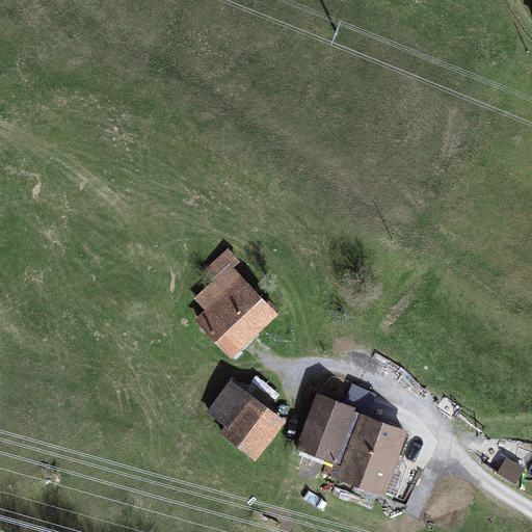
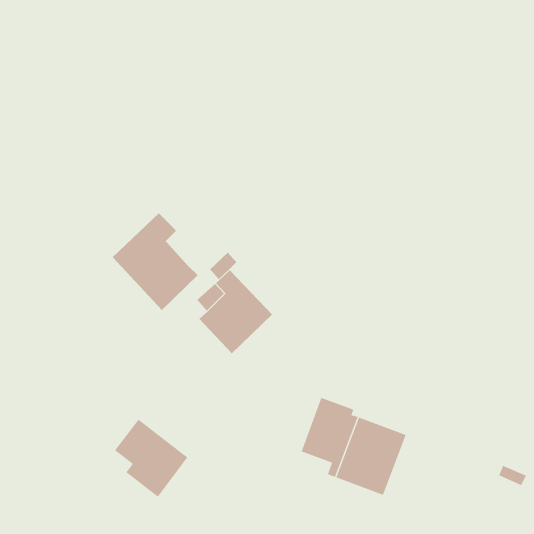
building: none -> [112,212,199,311]
building: [211,380,285,458] -> [114,419,188,497]

